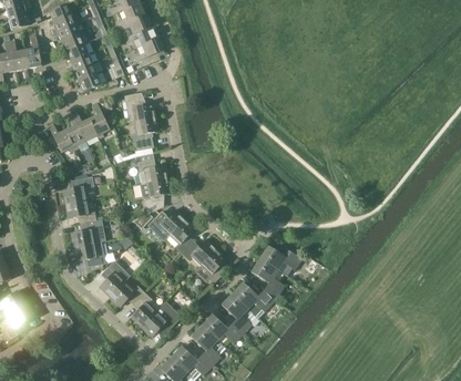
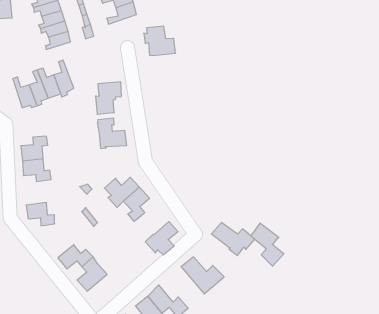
building: [121,91,154,121] -> [144,26,176,55]
building: [140,178,168,213] -> none
building: [71,218,105,247] -> none
building: [181,238,215,264] -> none
building: [250,257,285,298] -> [251,223,284,266]
building: [100,261,127,296] -> none
building: [222,292,255,332] -> none
building: [142,307,175,336] -> none

